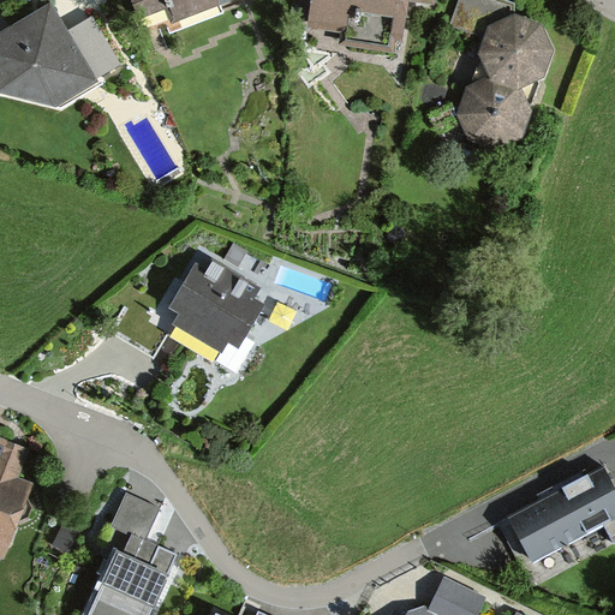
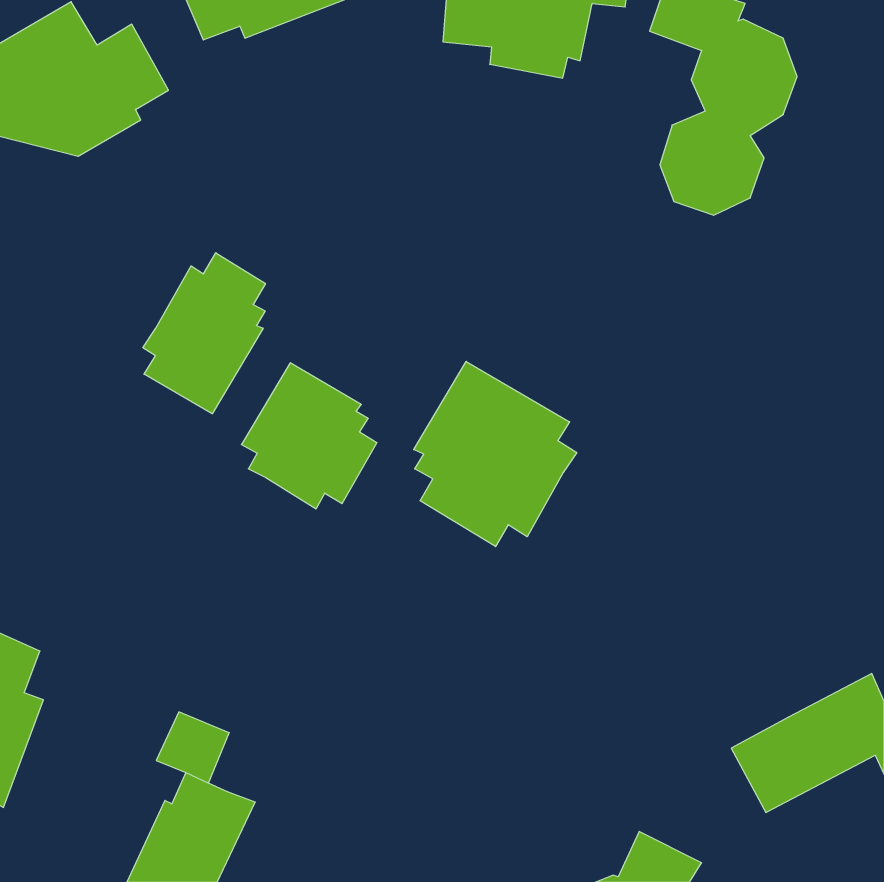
building: none -> [143,253,265,414]
building: none -> [414,361,577,547]

